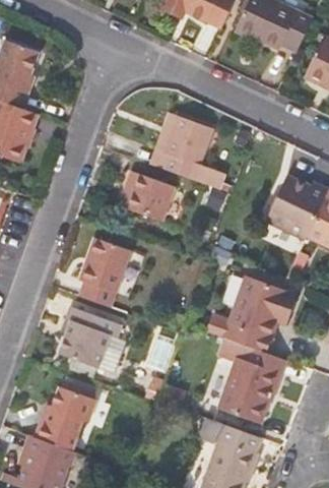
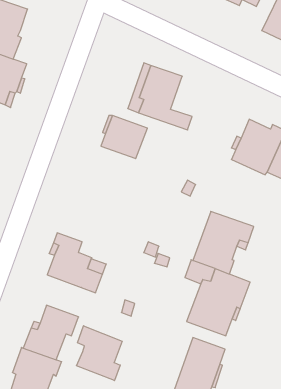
building: [79,239,130,307] -> none
building: none -> [77,326,122,381]

